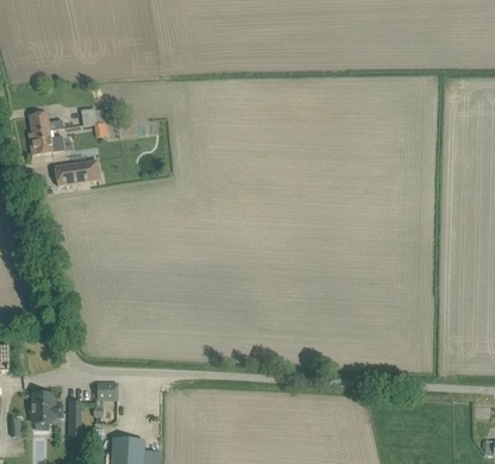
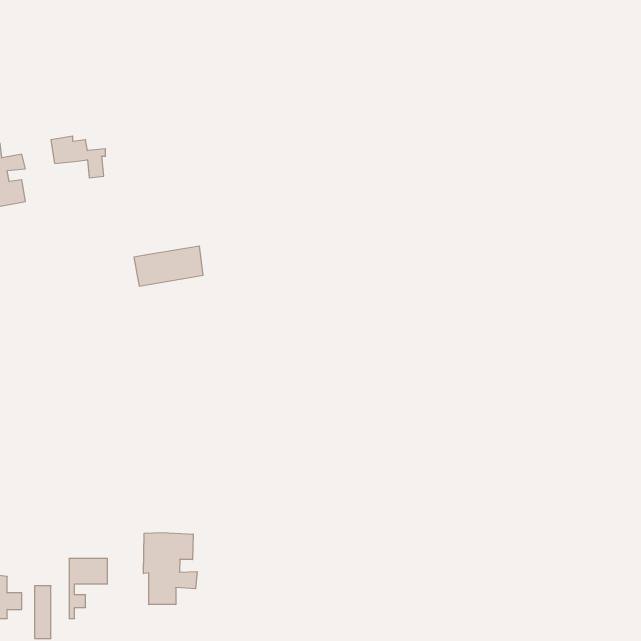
building: [54,159,99,186] -> [134,246,203,286]
building: none -> [144,533,197,605]

